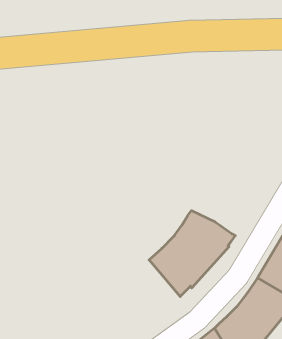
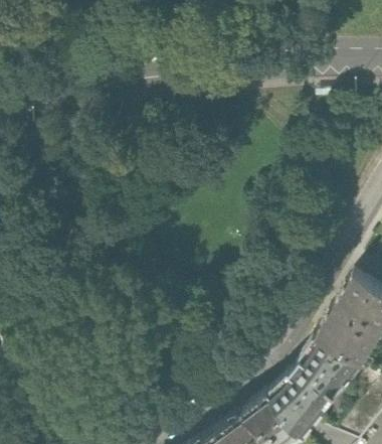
building: [149,211,235,297] -> none

